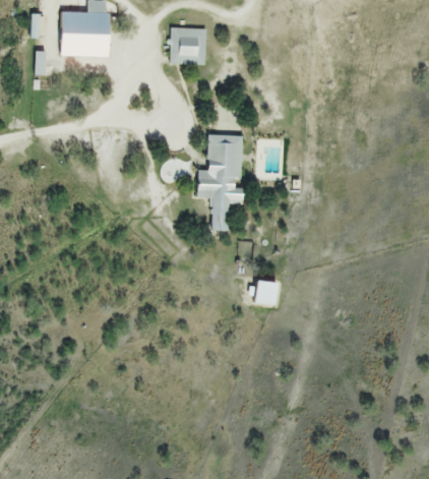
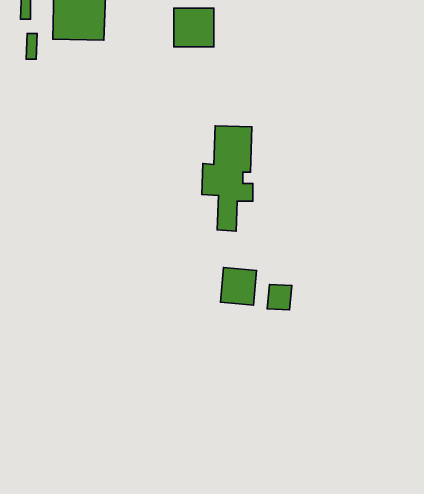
building: none -> [220,267,257,305]

